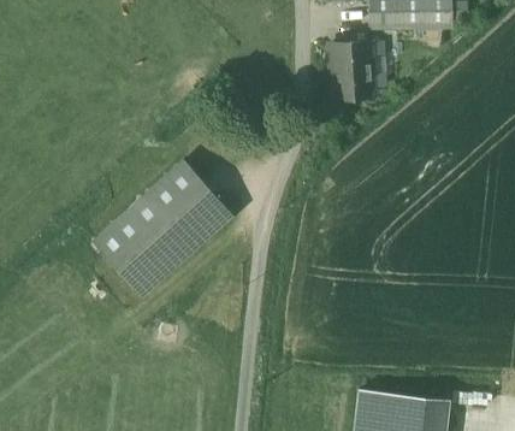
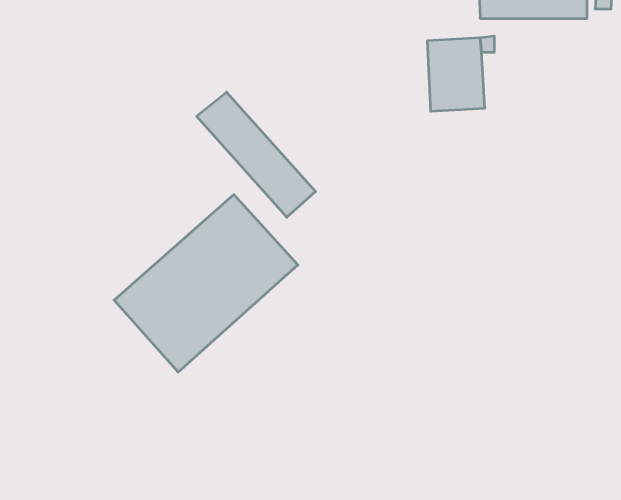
building: none -> [197,92,316,217]

